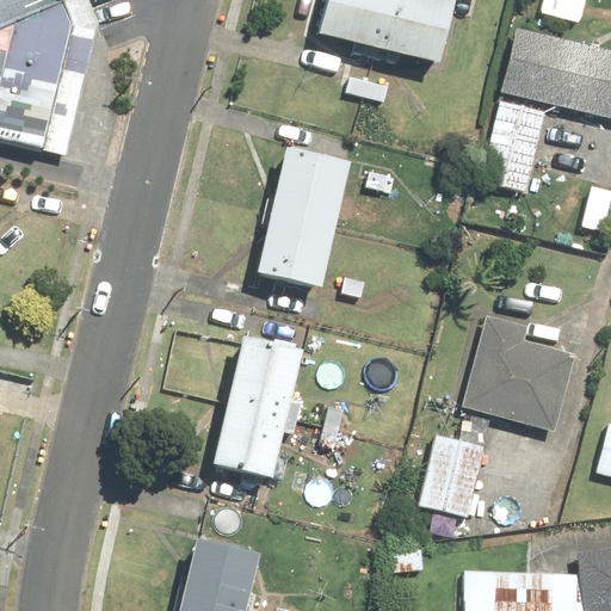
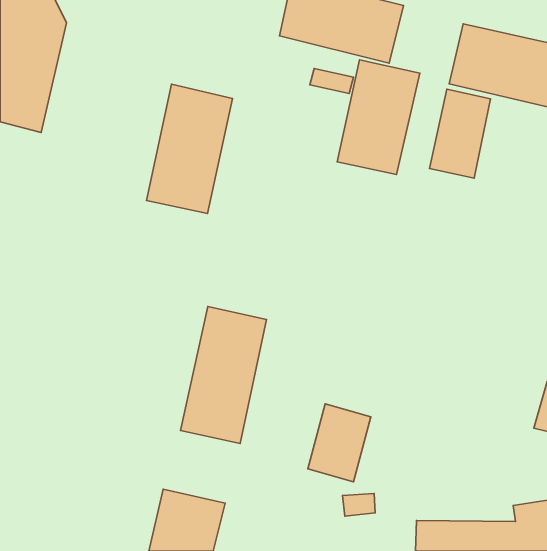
building: none -> [337,60,420,175]
building: [254,152,348,294] -> [147,84,232,214]
building: [462,314,576,431] -> none
building: [420,432,489,518] -> [308,404,371,482]

